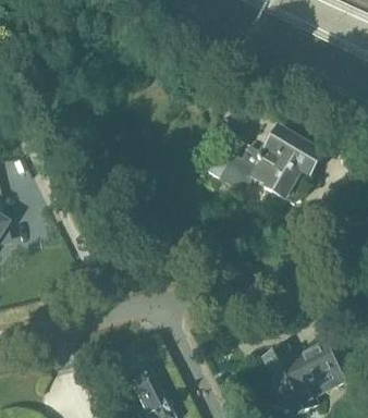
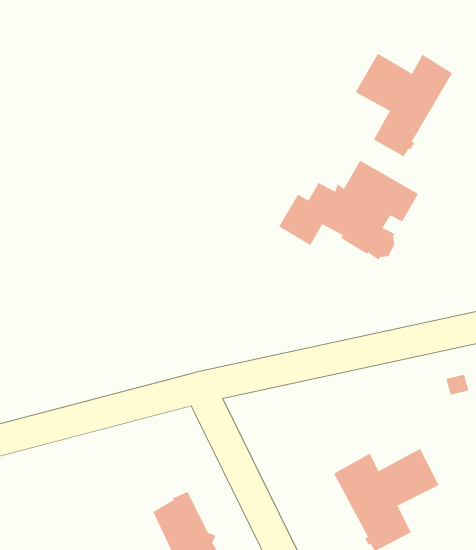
building: none -> [355,53,453,157]

